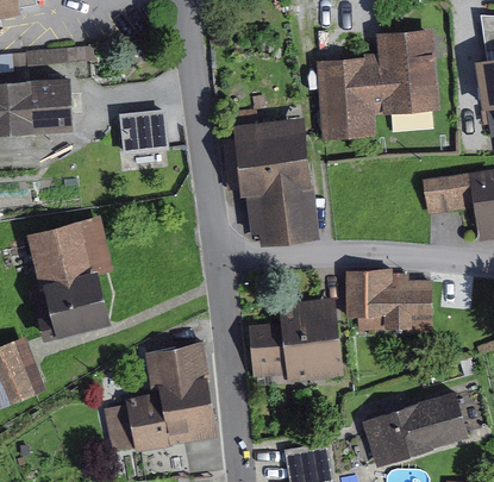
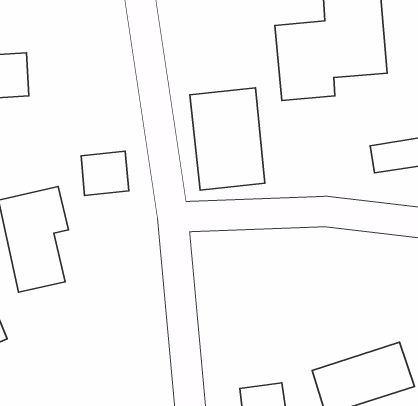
building: [117,108,167,155] -> [81,151,129,195]
building: [348,275,430,330] -> none
building: [250,301,339,380] -> none
building: [107,348,215,449] -> none

